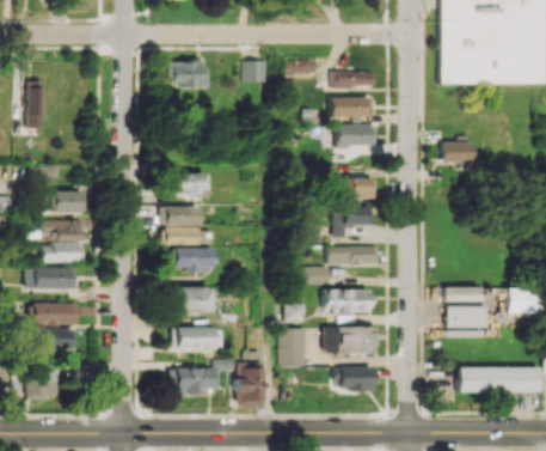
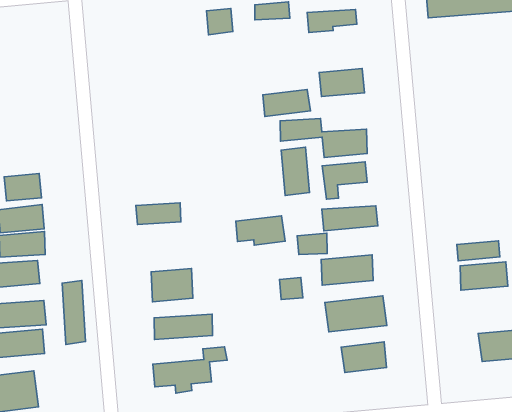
building: [168,61,209,89] -> none
building: [332,97,373,117] -> [263,89,311,116]
building: [443,142,473,166] -> none
building: [172,173,209,196] -> none
building: none -> [281,147,309,195]
building: [162,206,202,225] -> none
building: [173,248,215,272] -> [236,216,285,245]
building: none -> [62,280,86,345]
building: [283,329,308,366] -> none
building: [238,366,264,406] -> none

